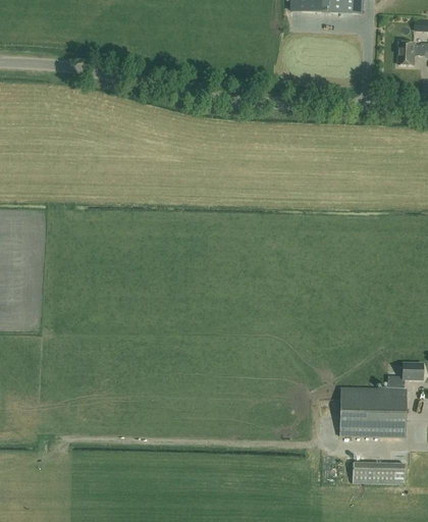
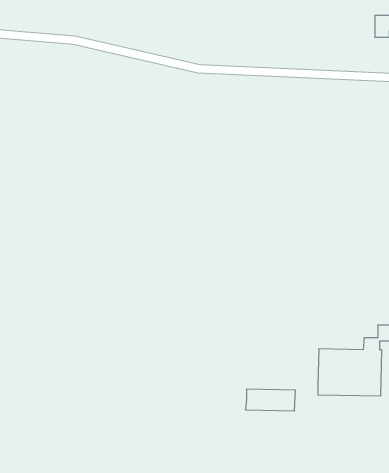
building: [354,462,406,484] -> [245,389,296,411]

